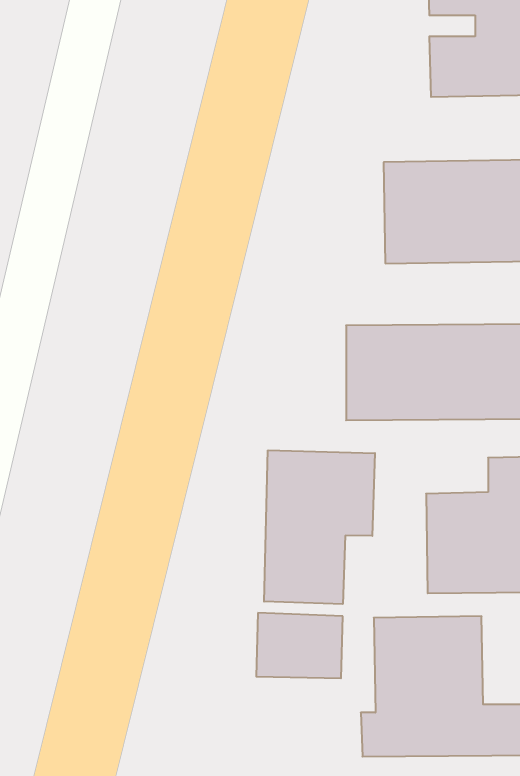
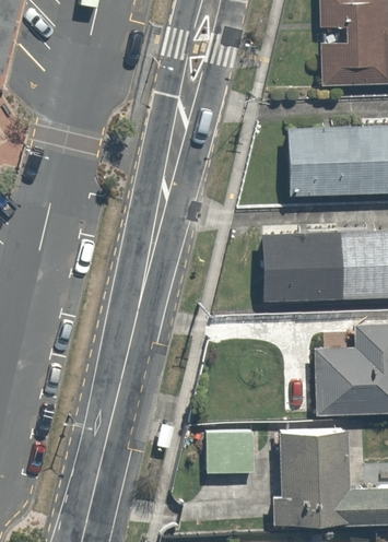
building: [264,450,375,604] -> none

